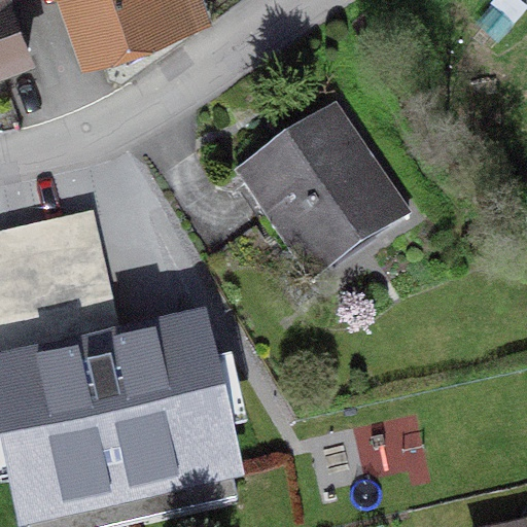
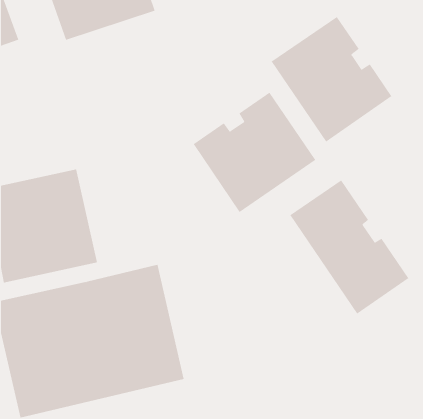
building: none -> [271,16,392,142]
building: none -> [290,179,409,314]

